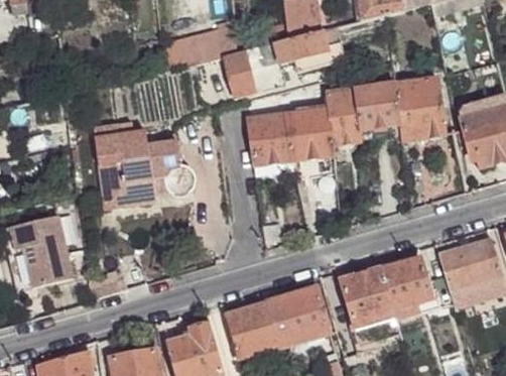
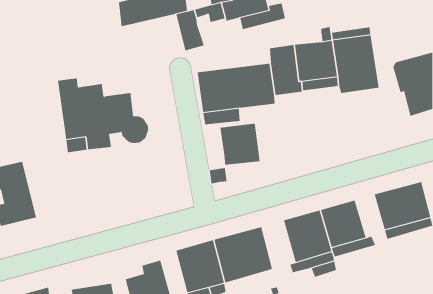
building: none -> [220,123,260,165]

